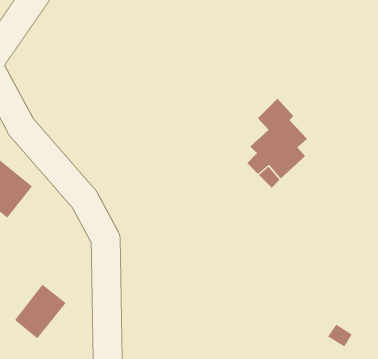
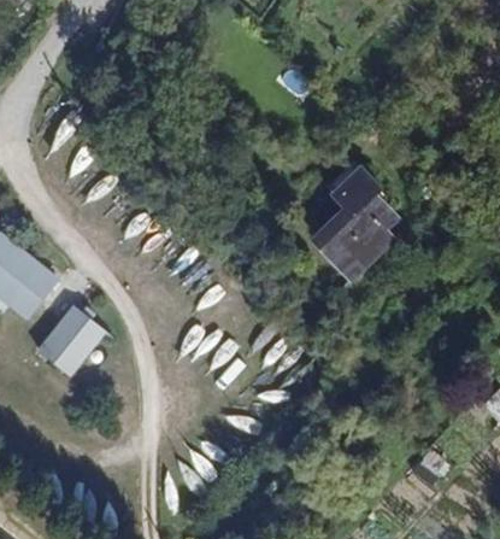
building: [14,284,67,339] -> [39,305,104,374]

